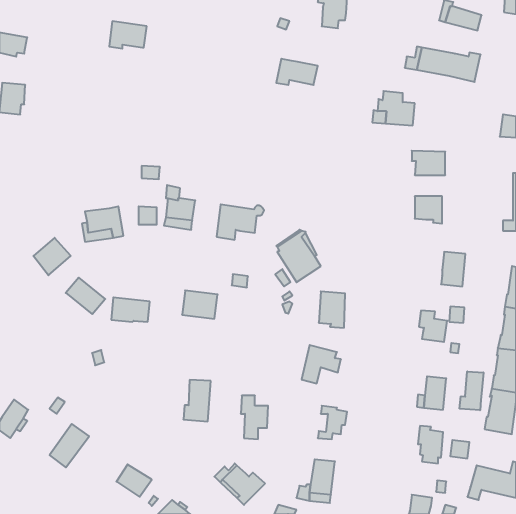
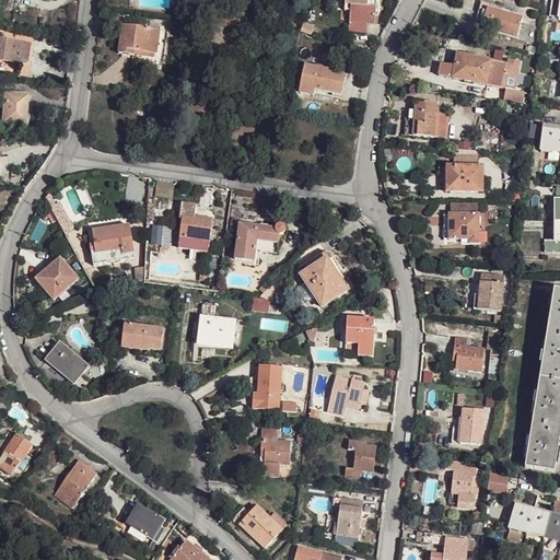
building: [66,278,105,314] -> [45,341,88,381]
building: [460,371,483,410] -> none
building: [183,380,211,421] -> [252,363,281,408]

